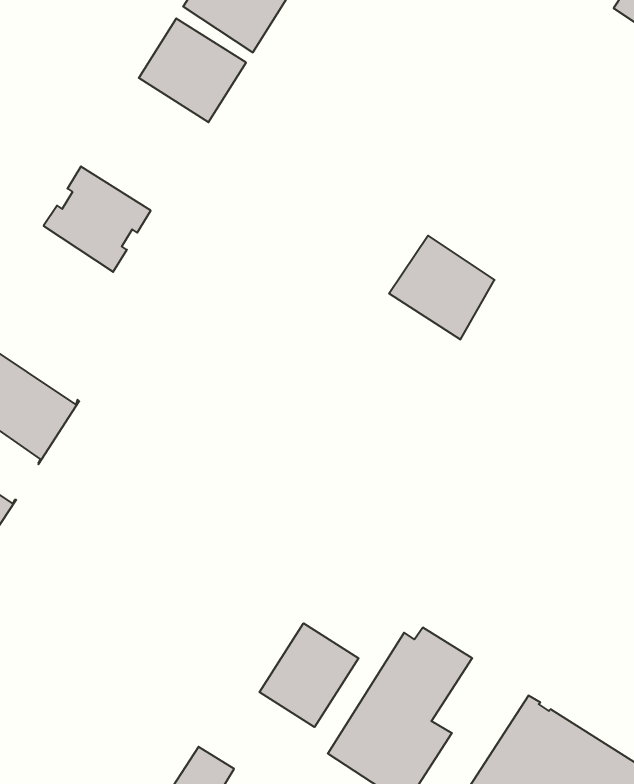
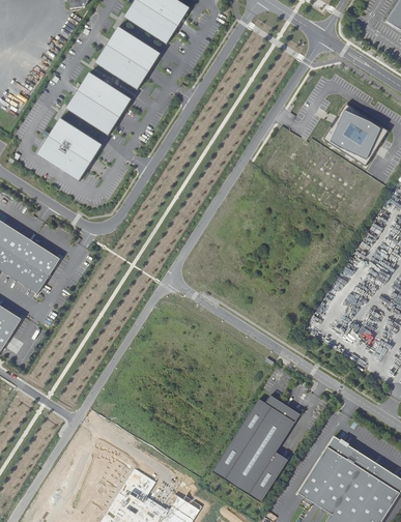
building: none -> [67,69,133,133]
building: [389,236,495,339] -> [321,105,385,168]
building: [260,623,359,727] -> none

